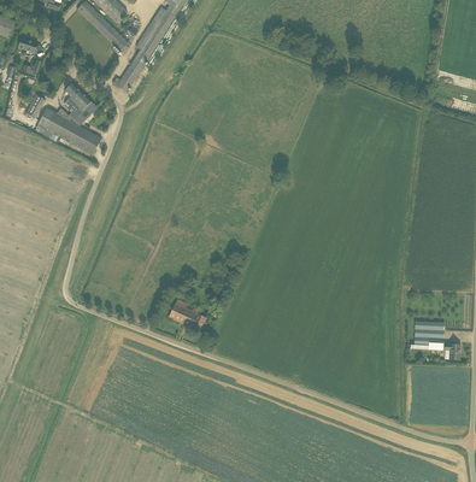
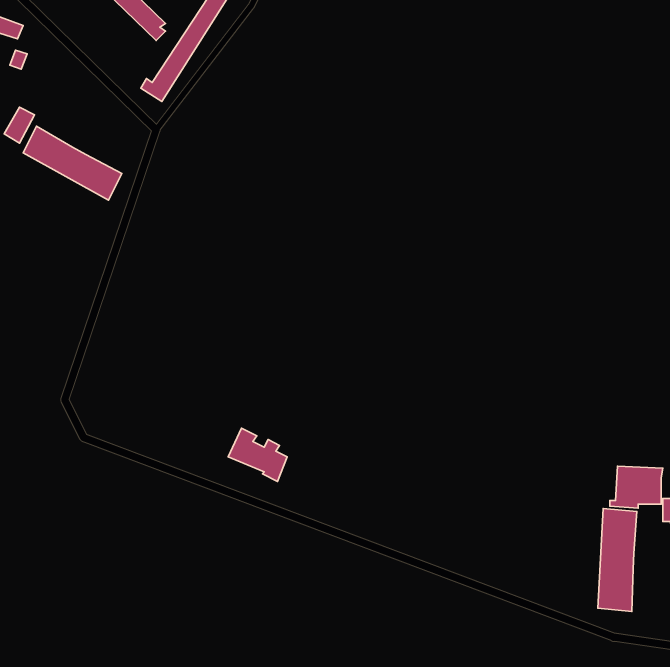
building: [64,81,95,124] -> none
building: none -> [598,509,637,611]

